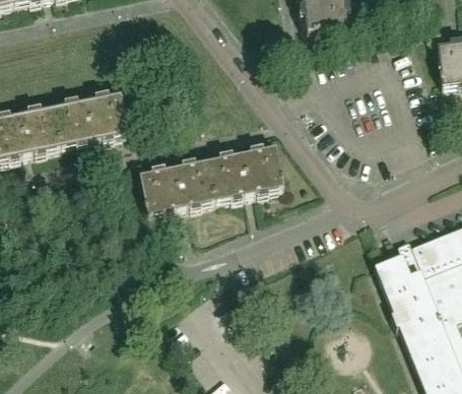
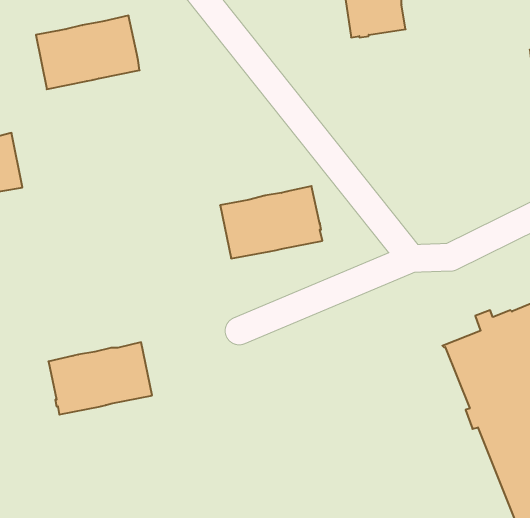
building: [53,90,130,145] -> [36,16,140,89]
building: [139,158,216,212] -> [48,342,152,415]

